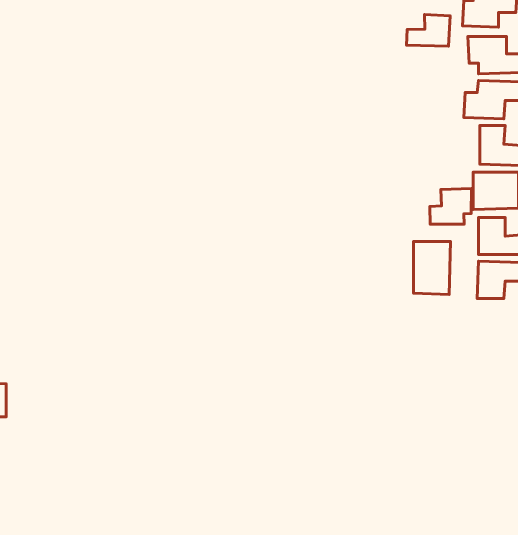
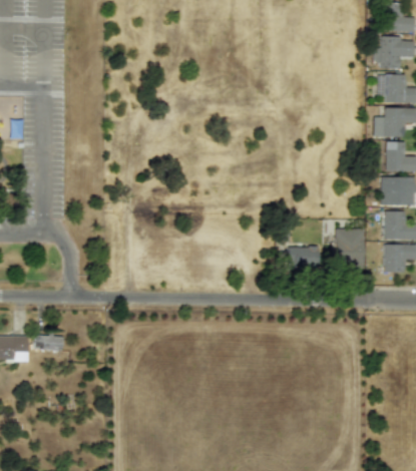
building: [407,15,450,46] -> none
building: [430,188,472,224] -> none
building: none -> [288,247,319,270]
building: none -> [35,335,63,350]

